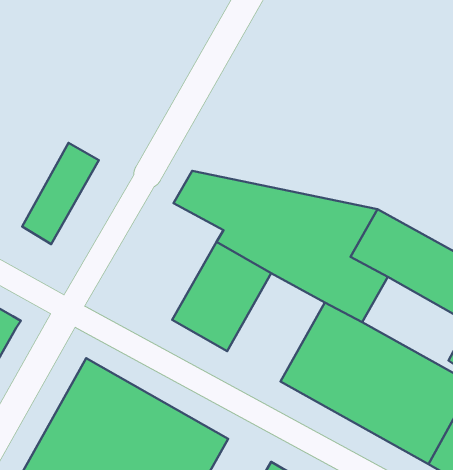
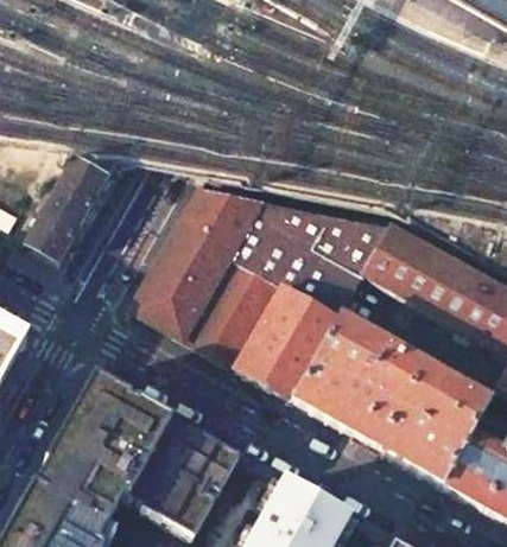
building: none -> [131,217,233,336]
building: none -> [236,288,336,399]

